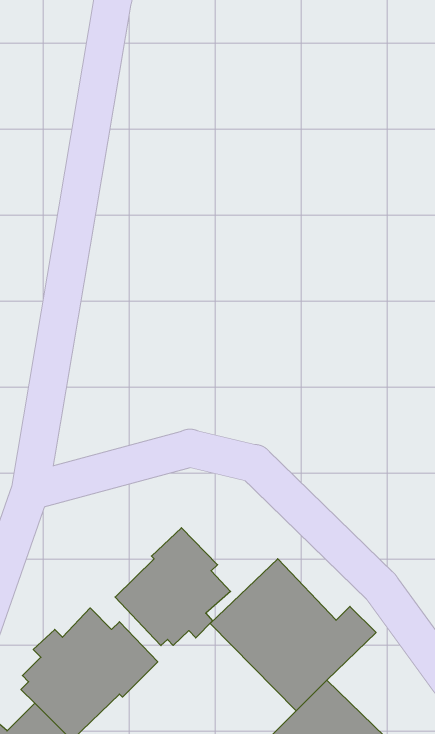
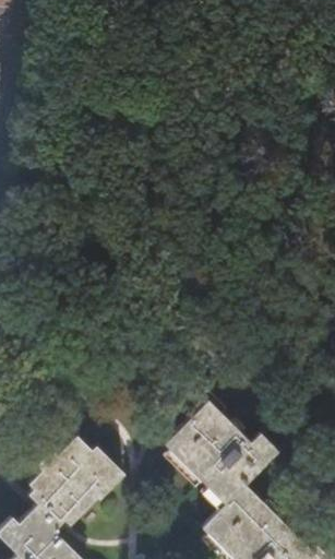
building: [115,528,231,646] -> none

